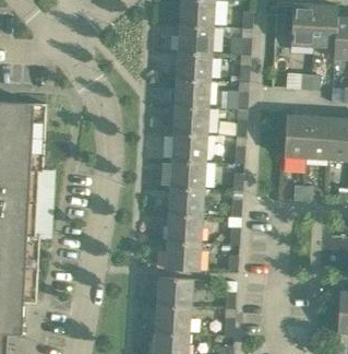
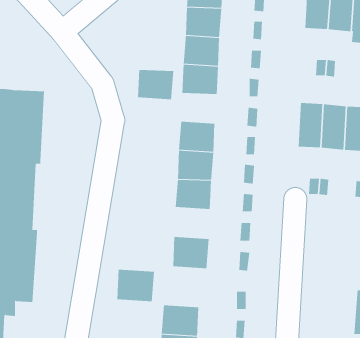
building: [172,106,207,134] -> [137,70,174,100]
building: [166,213,201,243] -> none
building: [156,276,192,307] -> [117,269,155,302]

